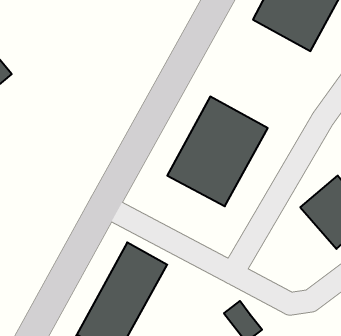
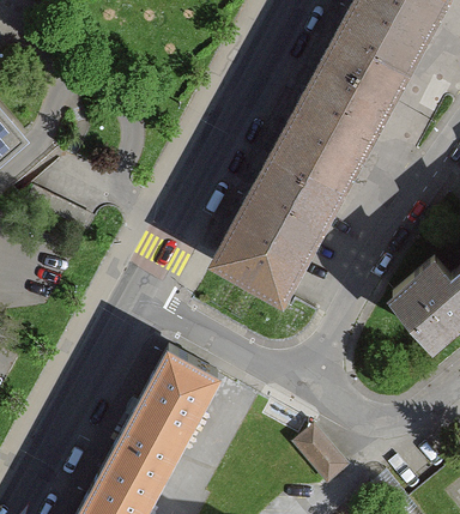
building: none -> [271,62,400,202]

